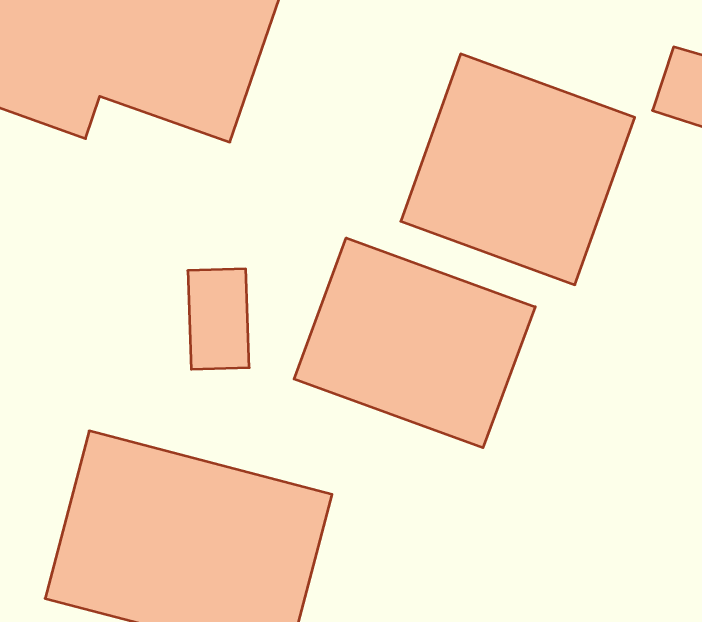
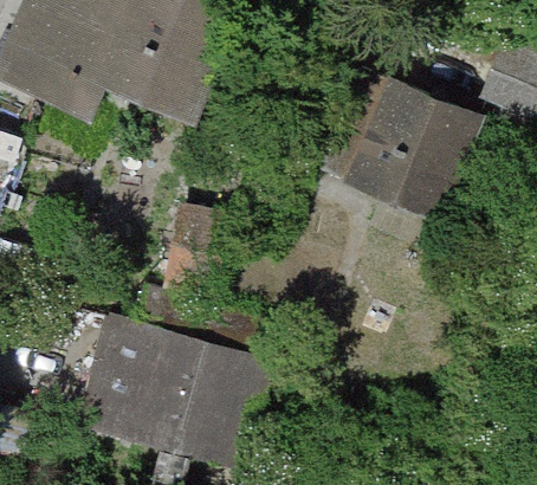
building: [294,238,535,448] -> none

